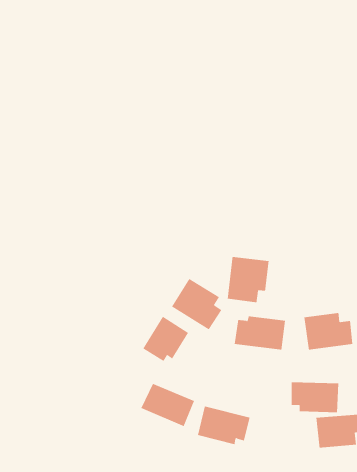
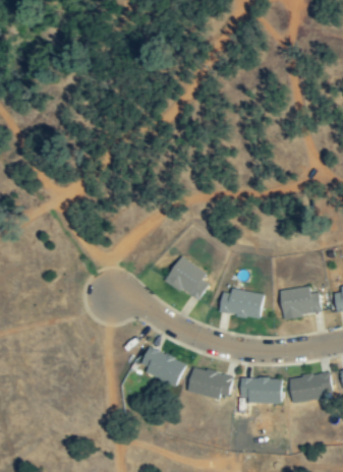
building: [227,256,269,303] -> none
building: [142,316,189,362] -> none
building: [291,382,339,413] -> [240,377,282,404]

